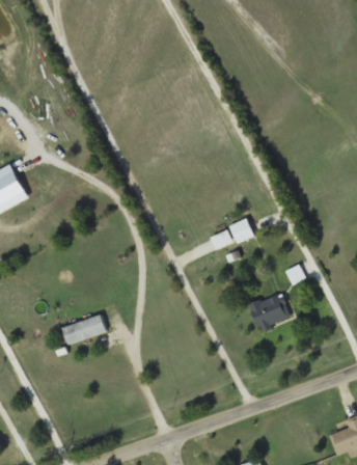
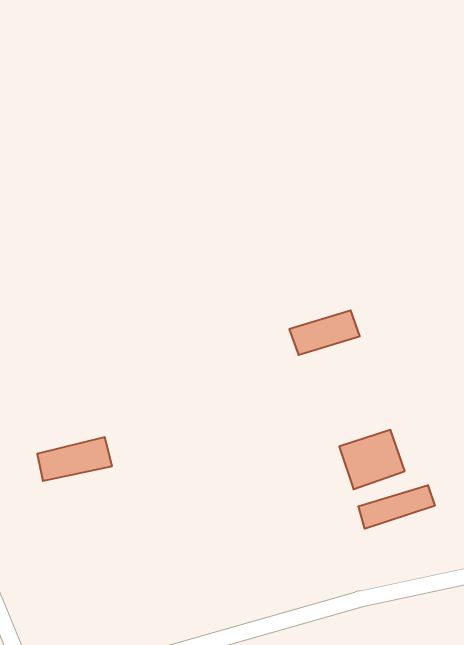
building: none -> [358,485,435,529]

